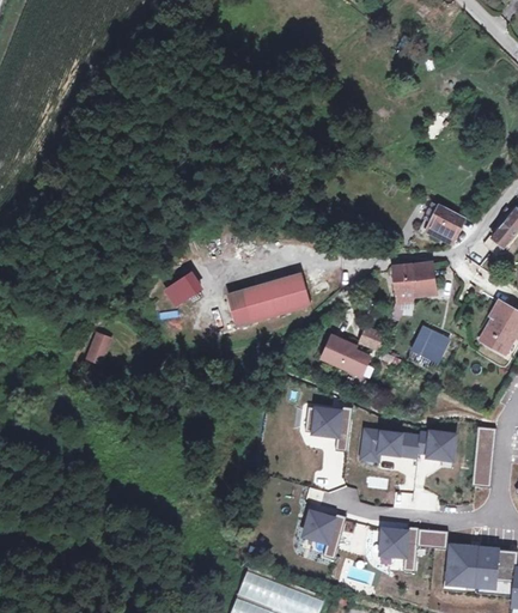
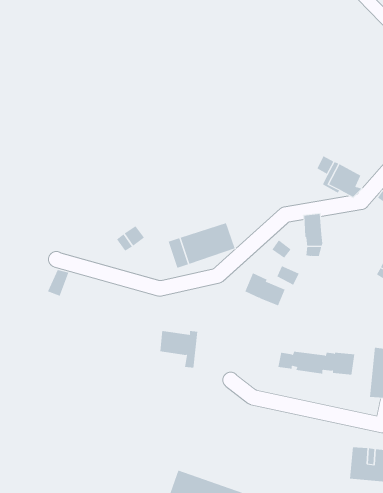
building: [413,262,434,290] -> none
building: [410,328,447,362] -> none
building: [304,406,351,451] -> [159,330,198,368]
building: [303,511,345,559] -> none
building: [379,526,446,571] -> none

